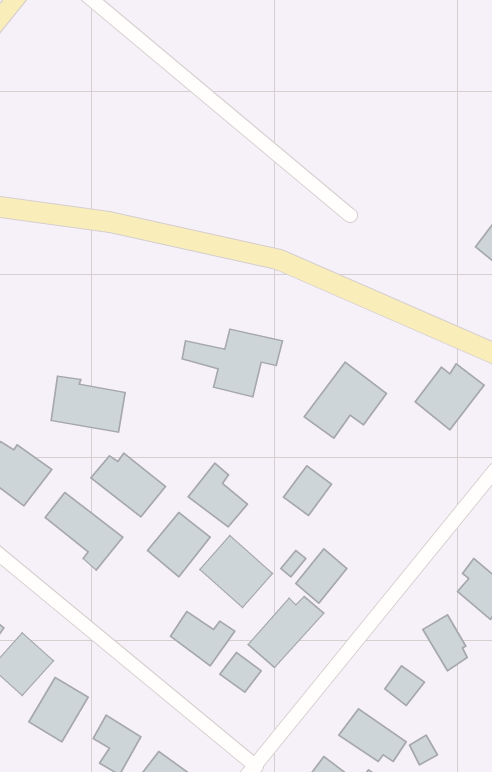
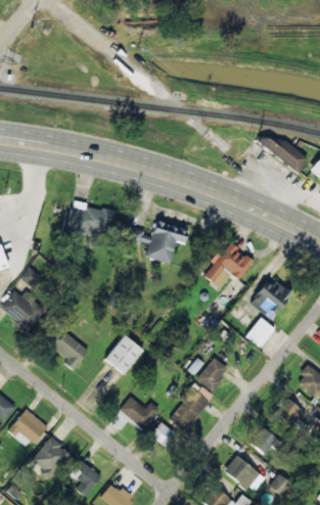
building: none -> [258,134,308,172]
building: [415,364,484,430] -> [250,279,293,320]
building: [51,376,125,432] -> [68,200,115,235]
building: [91,453,165,517] -> none
building: [188,463,247,527] -> none
building: [284,466,331,515] -> [245,317,275,348]
building: [200,535,272,608] -> none

